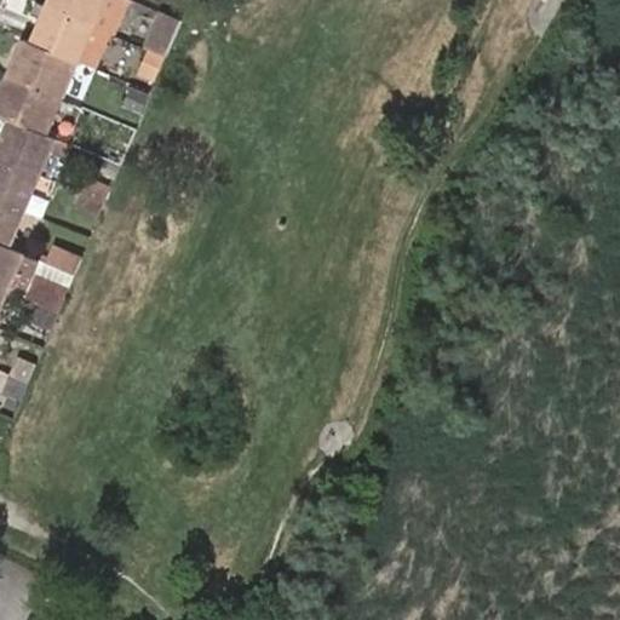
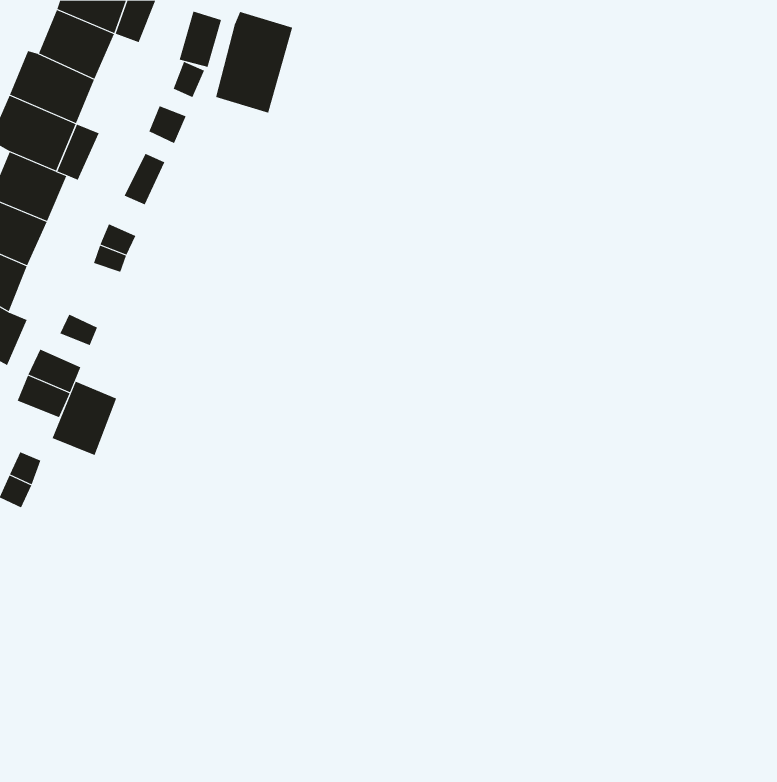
building: none -> [215,11,293,114]
building: none -> [52,381,117,456]

